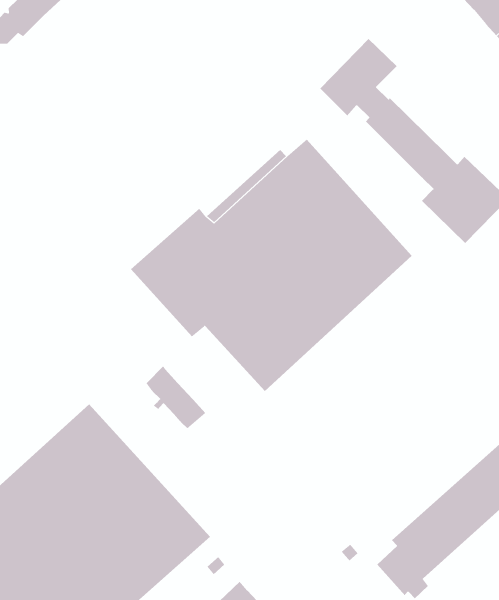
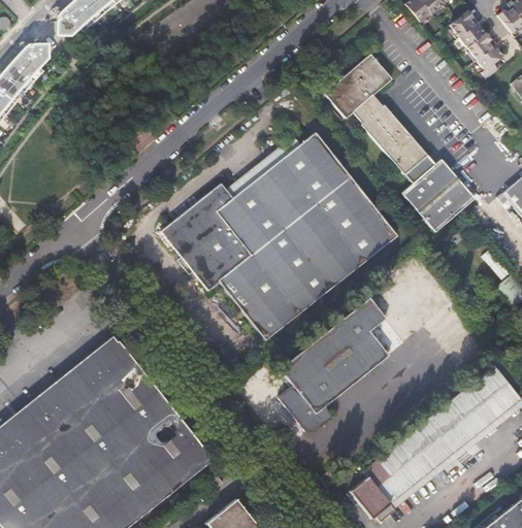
building: none -> [276,298,389,433]
building: [146,365,206,429] -> none

